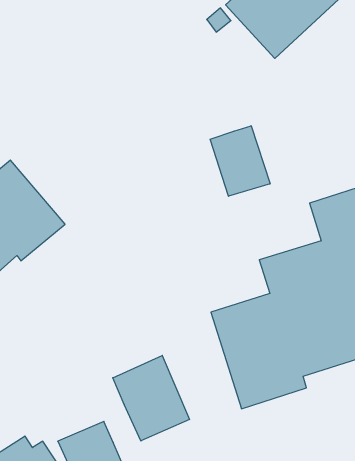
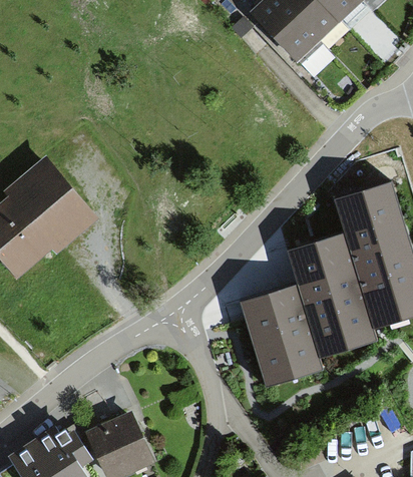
building: [210,126,270,196] -> none
building: [113,355,190,441] -> none

